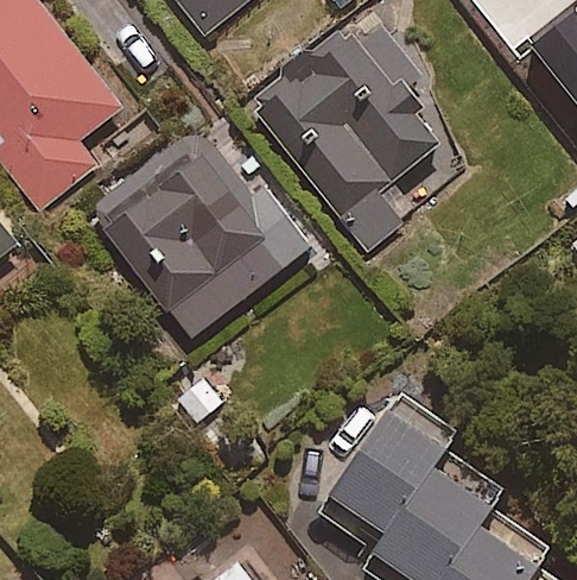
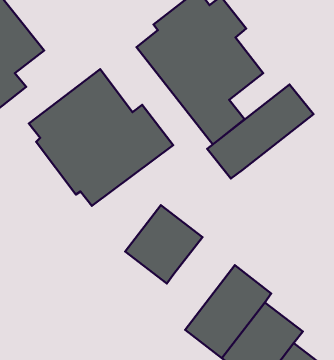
building: none -> [207,85,313,179]
building: none -> [125,205,202,284]

